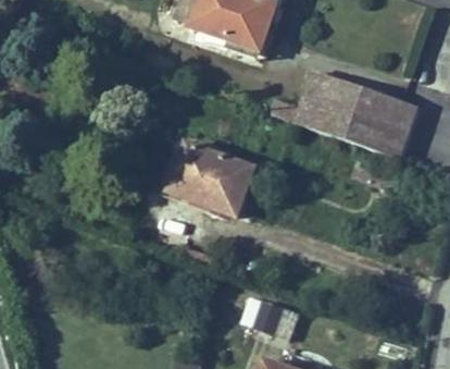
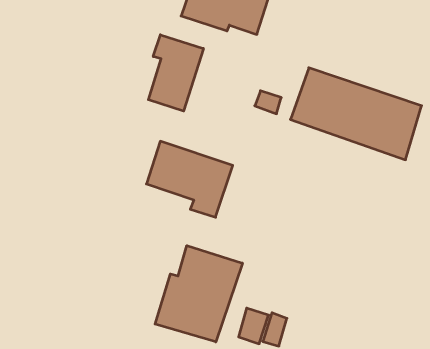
building: none -> [148,35,203,111]
building: none -> [155,246,242,342]

